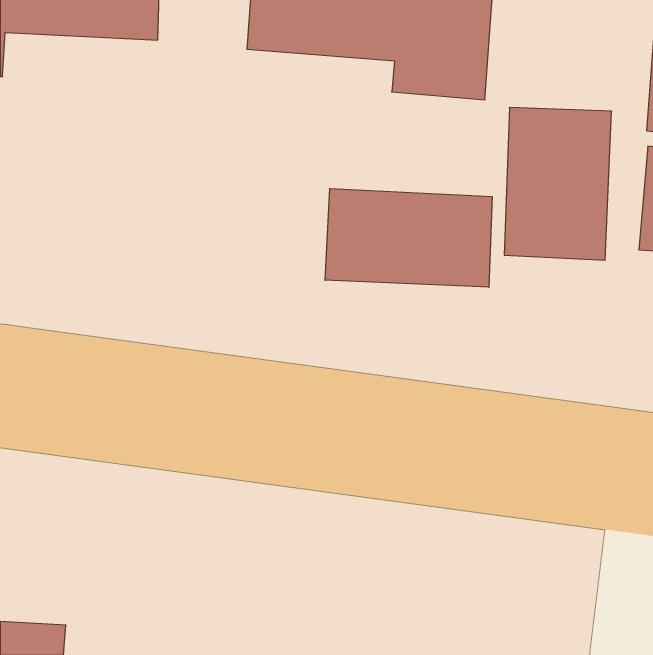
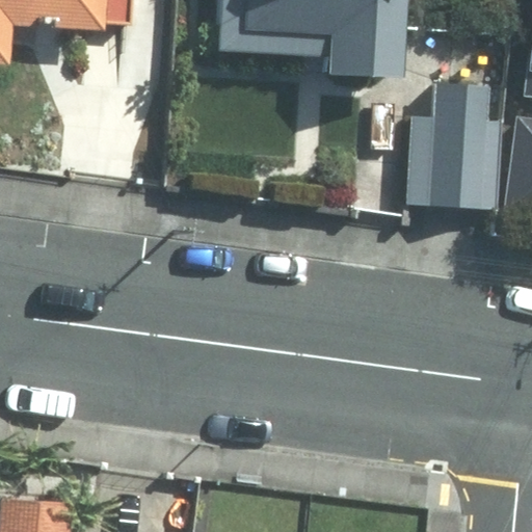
building: [325,188,492,287] -> none

